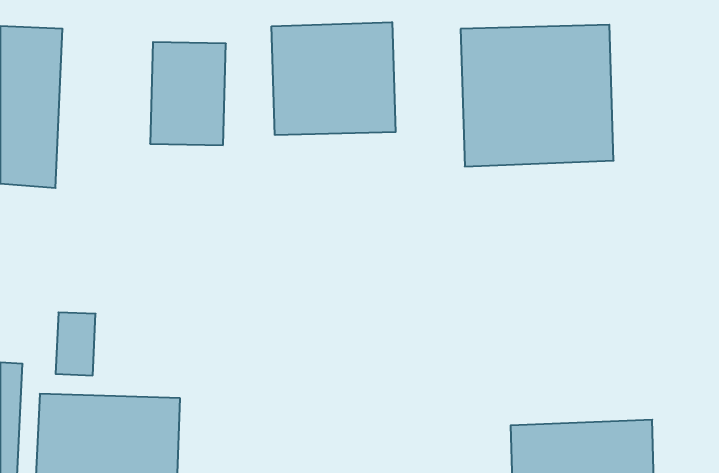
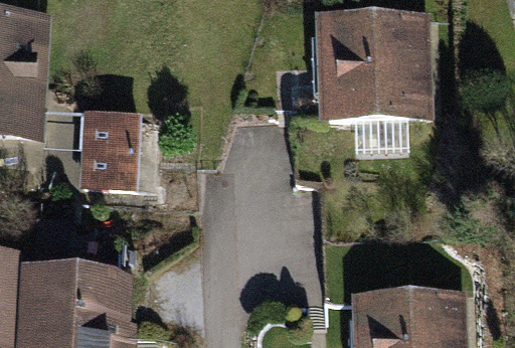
building: [272,22,396,135] -> none
building: [150,42,226,145] -> [85,115,139,187]

